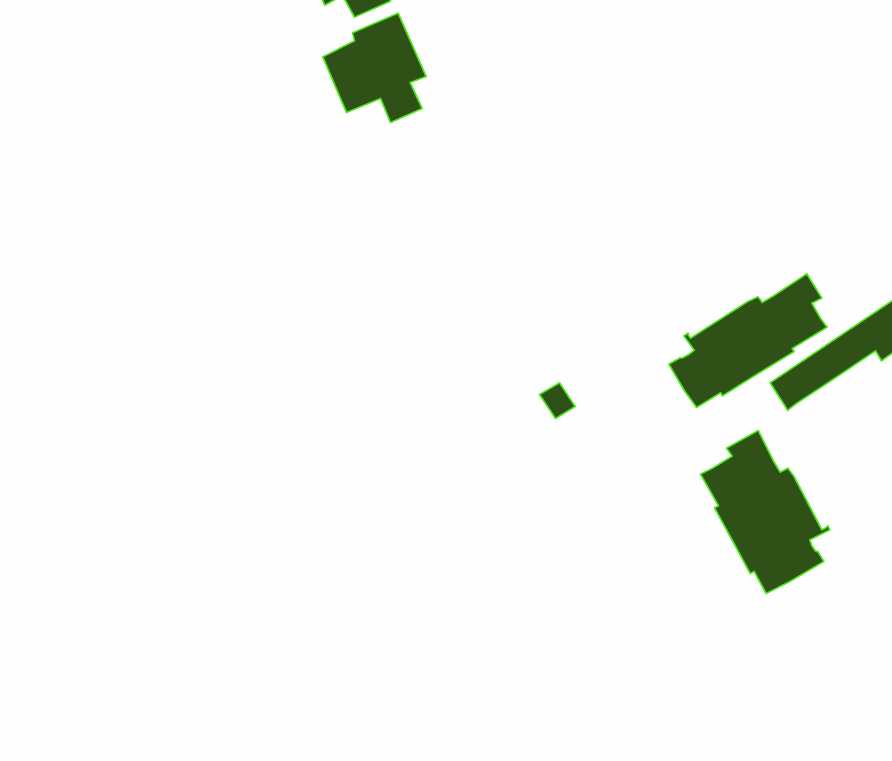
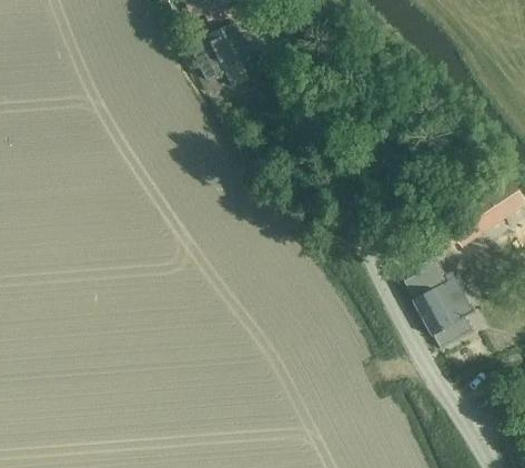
building: [669,274,827,408] -> none

